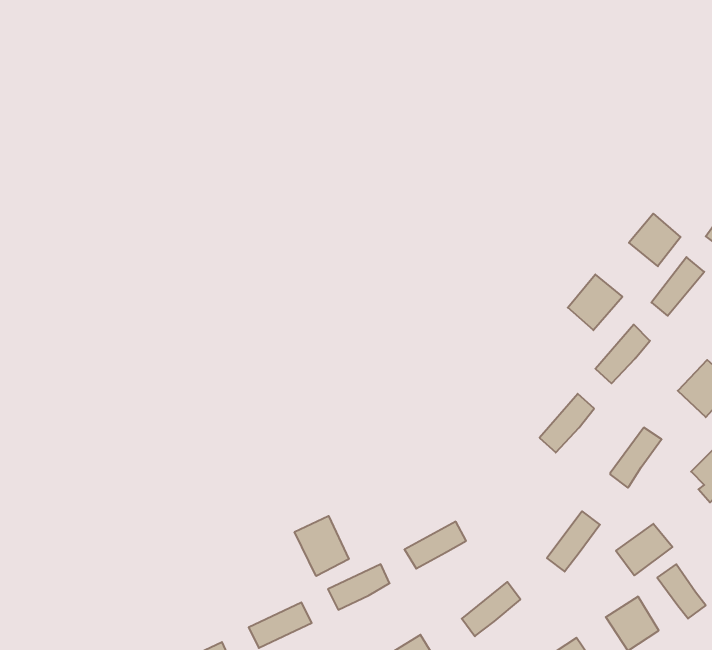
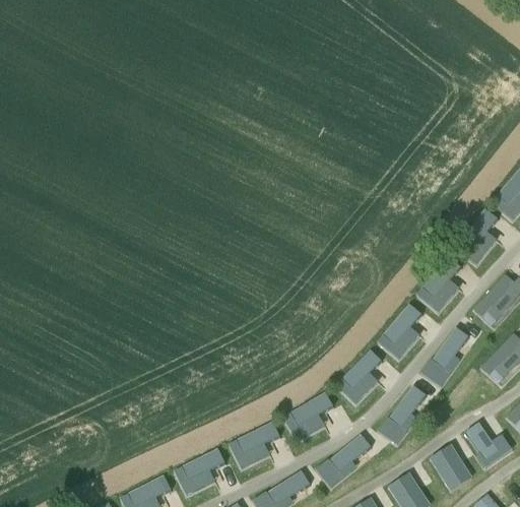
building: [629,214,681,266] -> none
building: [568,274,622,330] -> none
building: none -> [341,352,381,391]
building: [295,516,349,576] -> none
building: [616,524,672,575] -> none

